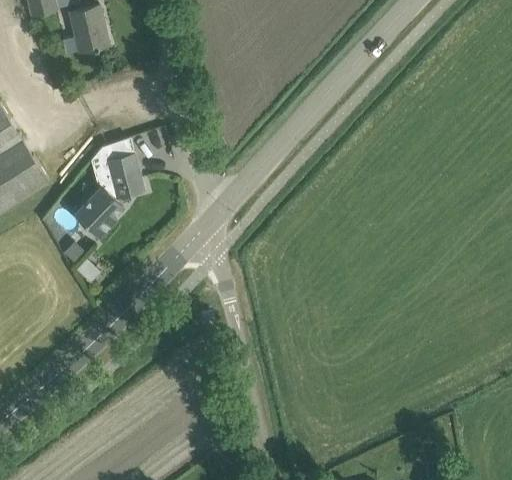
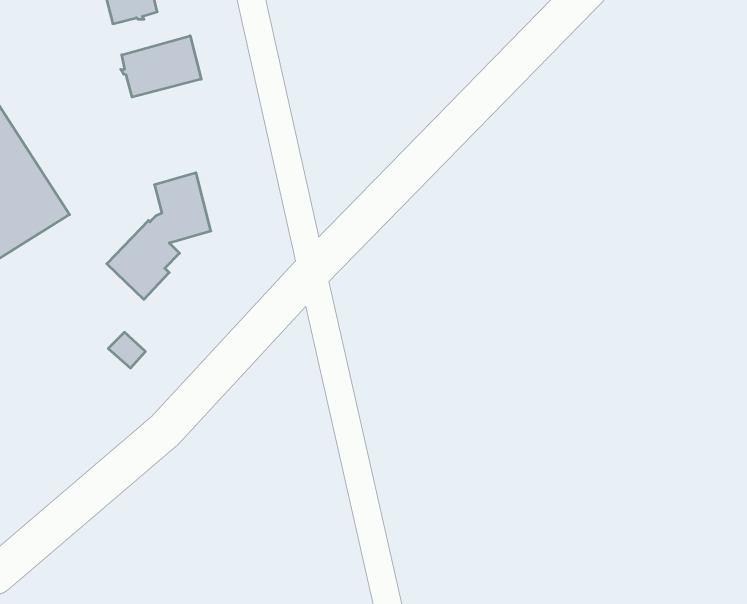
building: none -> [121,36,201,97]

